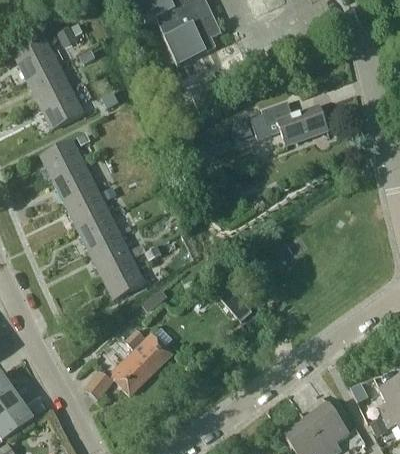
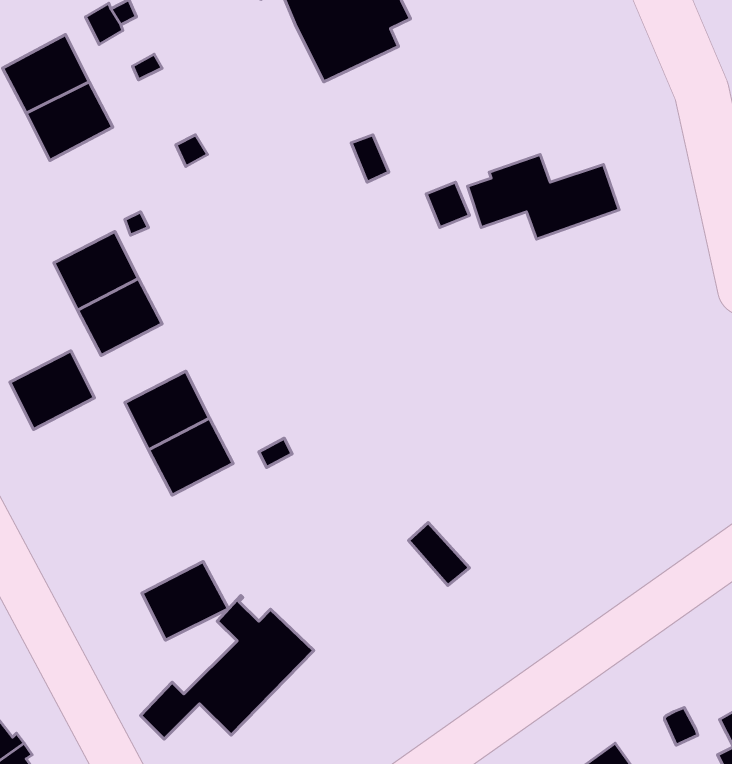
building: [38,87,83,128] -> none
building: [64,187,107,227] -> [10,351,94,429]
building: [100,258,144,298] -> [142,562,229,640]

